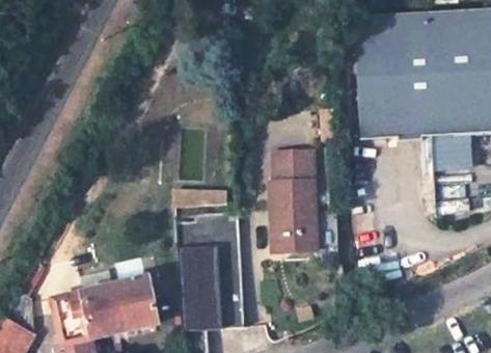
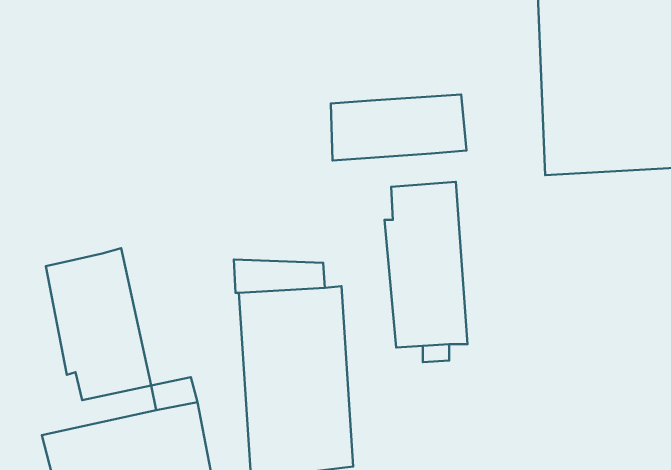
building: none -> [331,95,467,161]
building: none -> [46,248,151,400]

